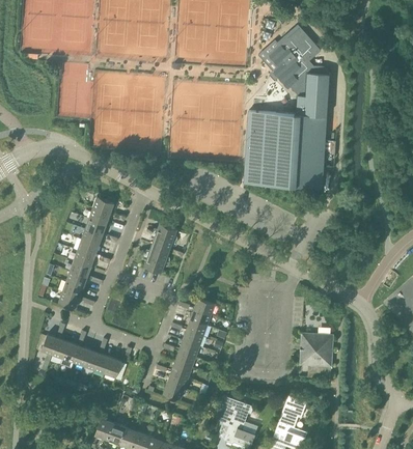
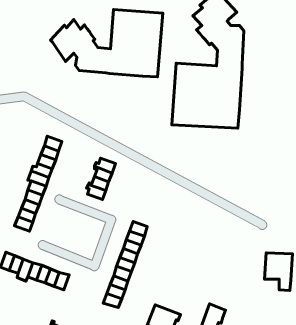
building: none -> [51,10,163,77]
building: [300,334,333,378] -> [264,253,292,291]

